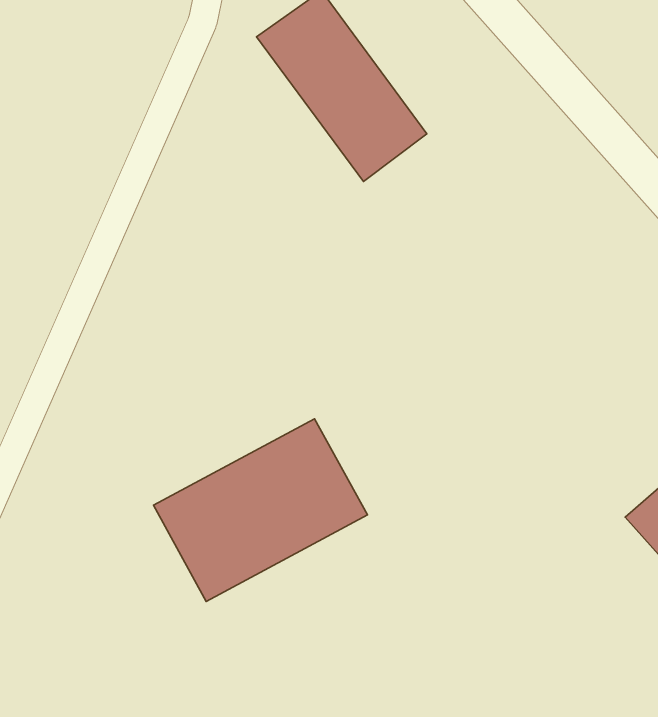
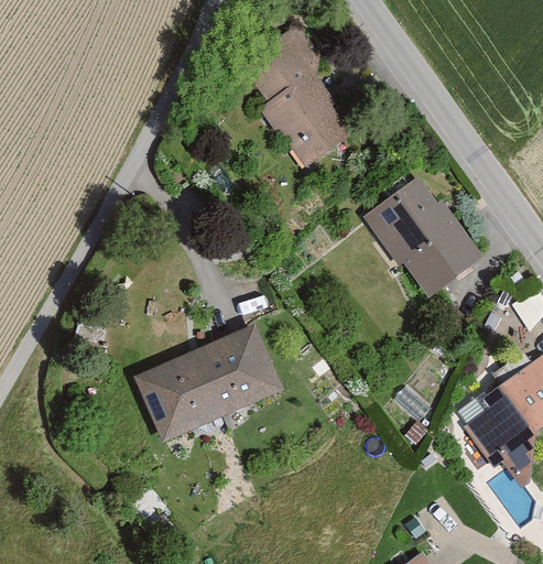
building: none -> [366,178,475,300]

